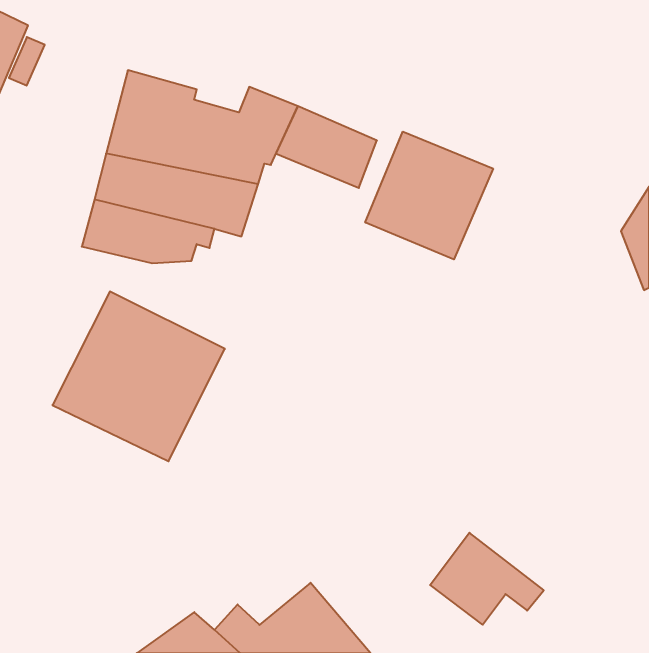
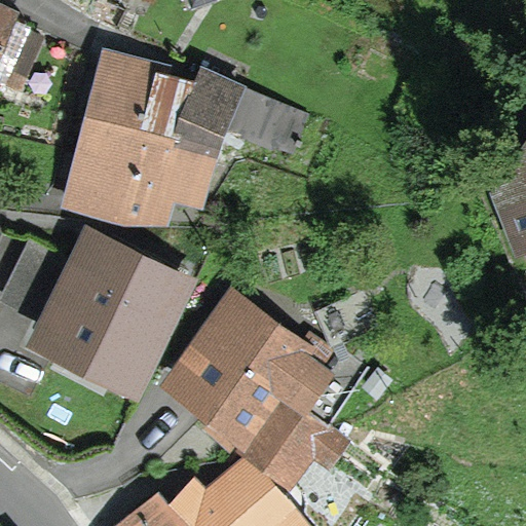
building: [365,132,493,259] -> none
building: none -> [173,296,315,425]
building: [430,533,544,625] -> [247,396,338,469]

